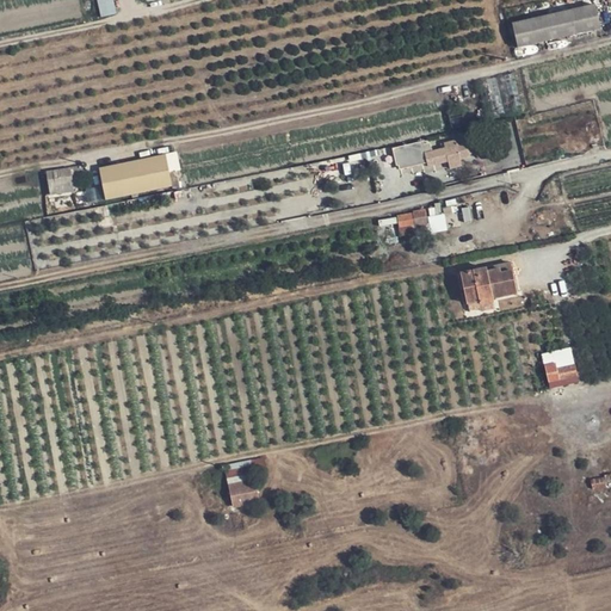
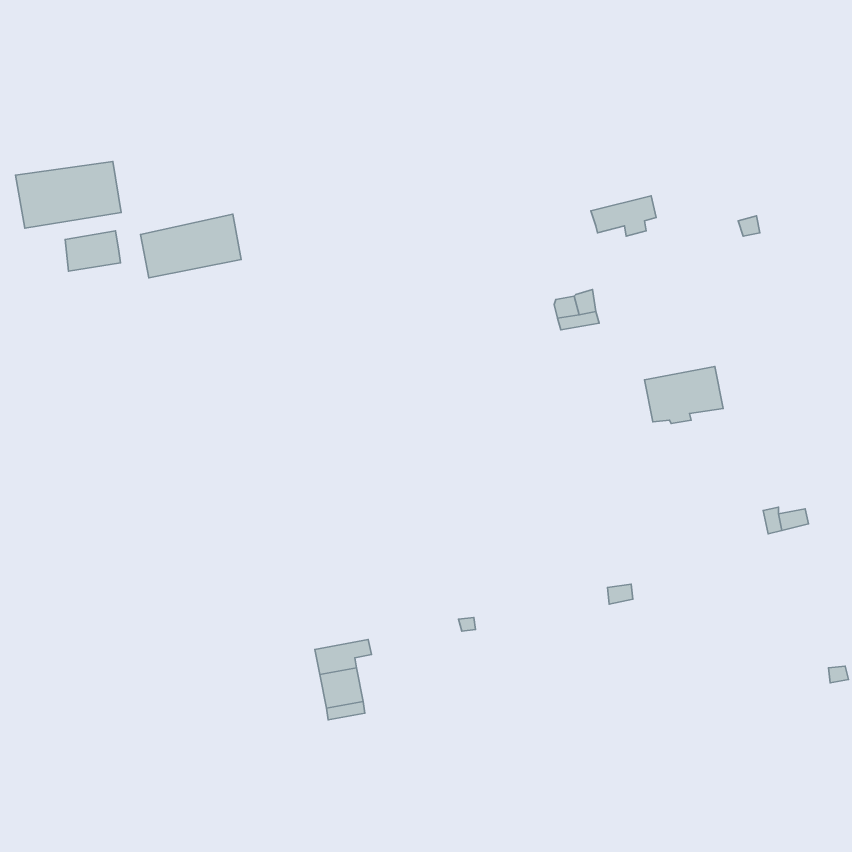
building: [513,6,601,48] -> none
building: none -> [16,162,121,228]
building: [390,140,425,168] -> none

